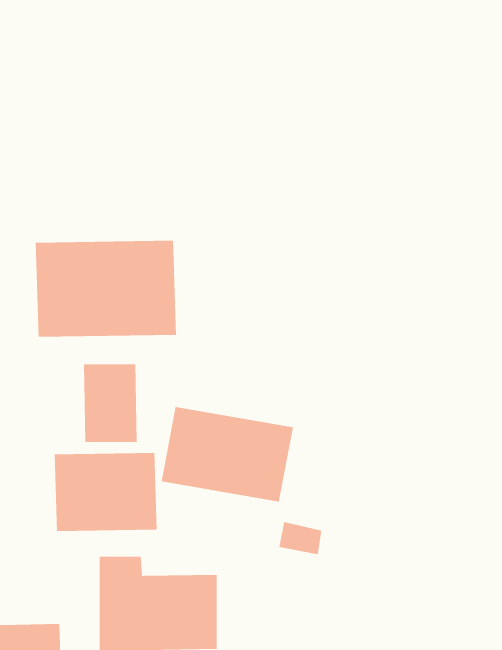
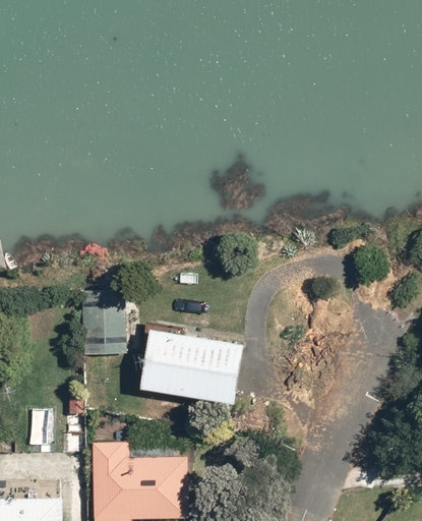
building: [35,240,177,338] -> none
building: [54,452,157,532] -> none

